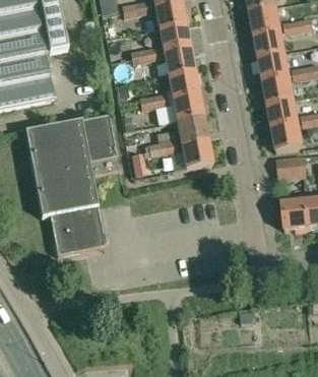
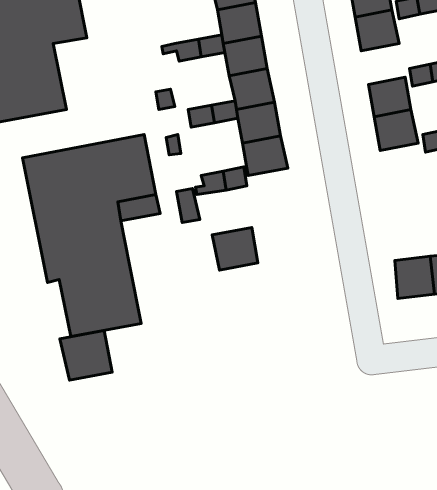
building: [258,52,289,80] -> none
building: [271,121,302,150] -> none
building: [180,138,211,168] -> [212,228,258,270]
building: [275,155,306,180] -> none
building: none -> [60,330,112,380]

